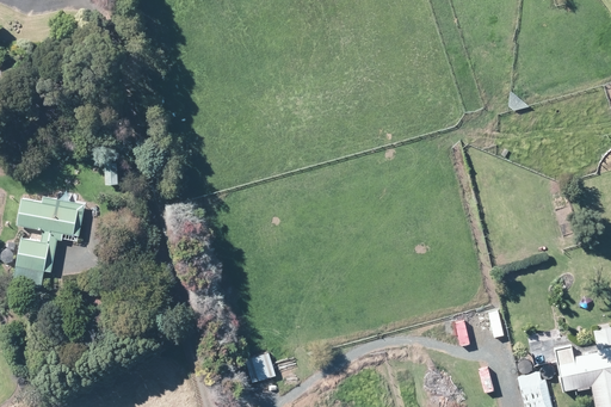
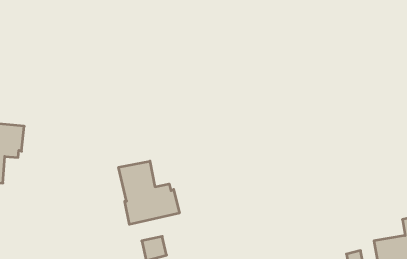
building: none -> [119,161,179,224]

